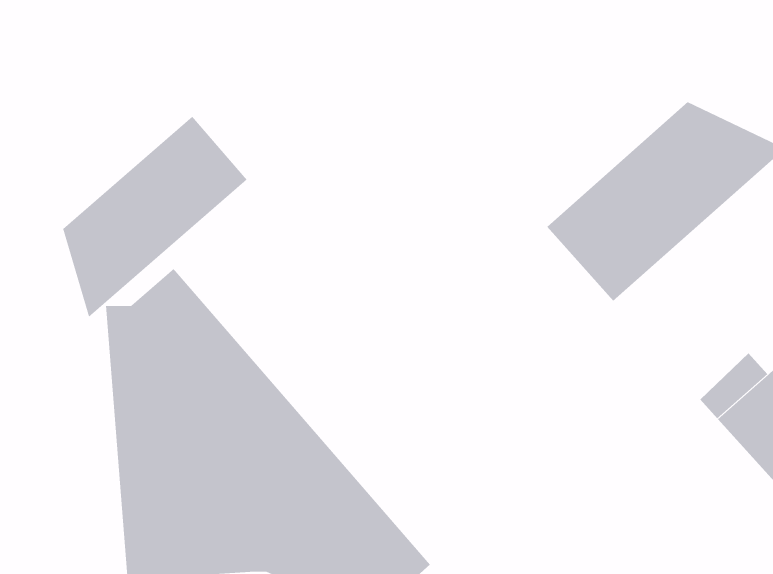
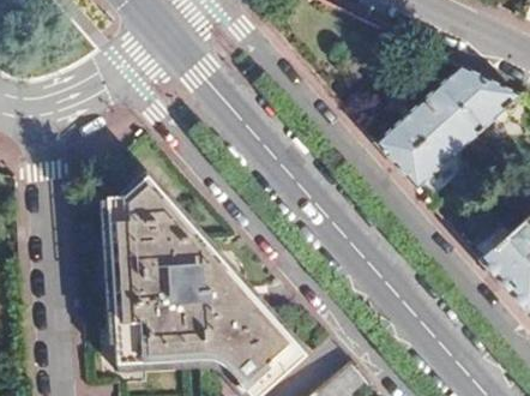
building: [62,116,247,318] -> none

